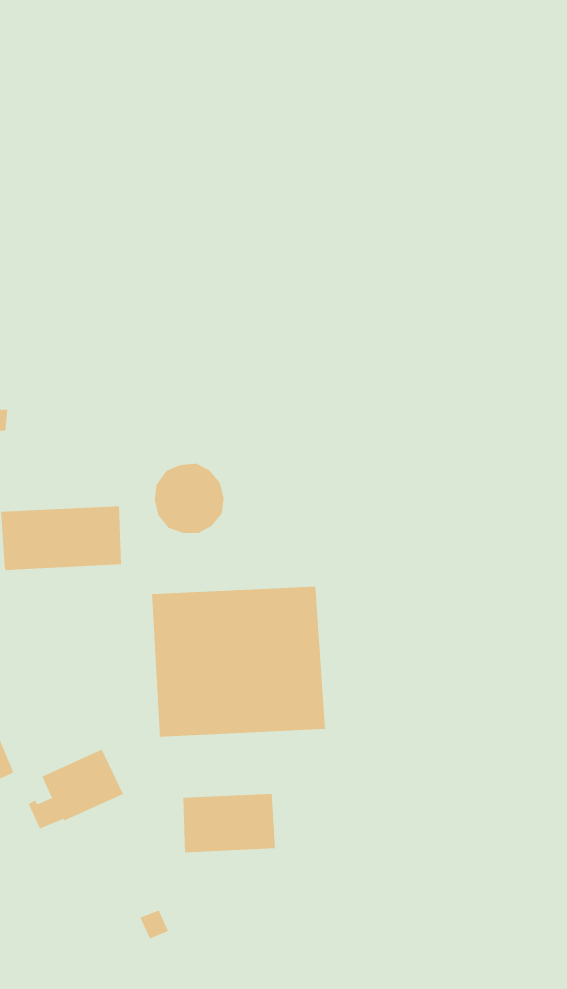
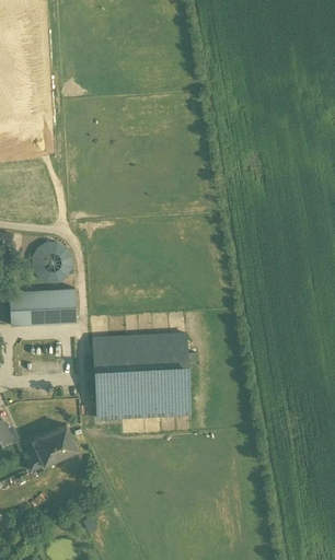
building: [154,463,224,534] -> [33,243,72,282]
building: [183,793,275,853] -> none

